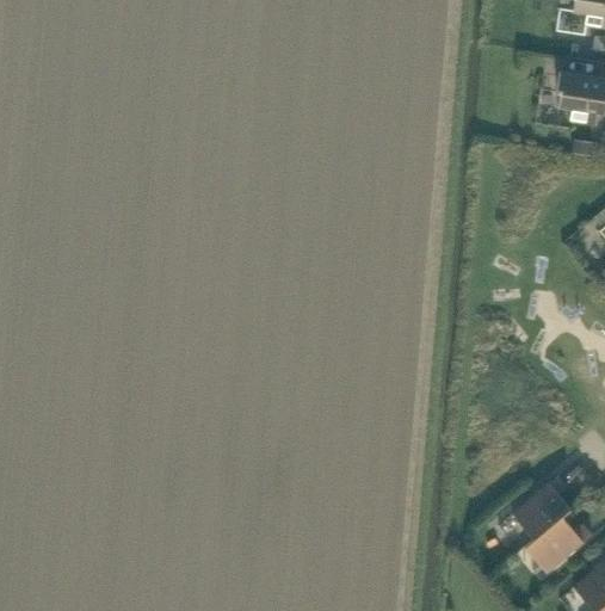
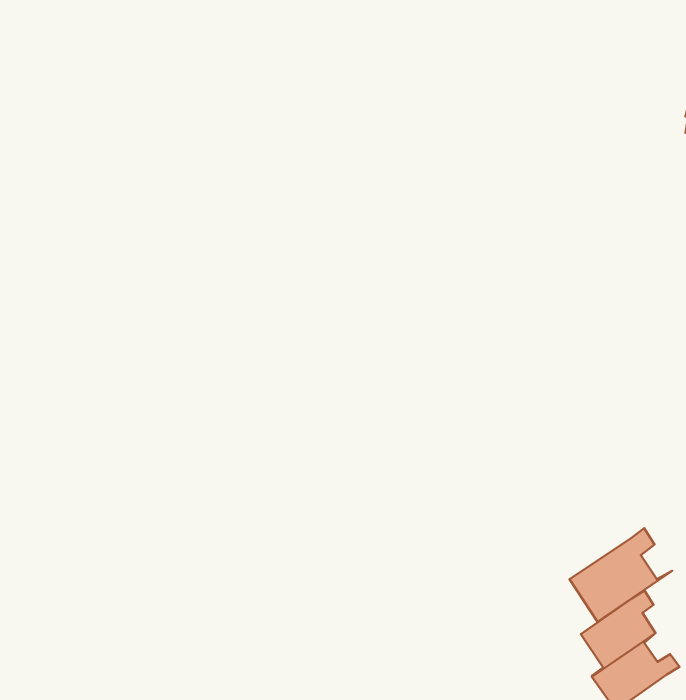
building: none -> [569,528,672,622]

